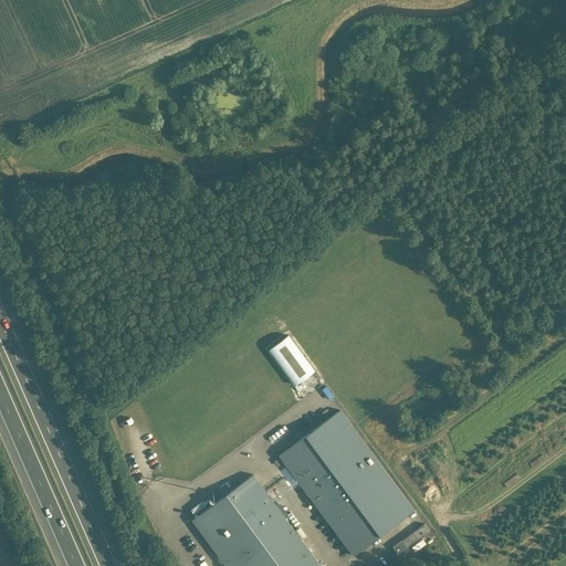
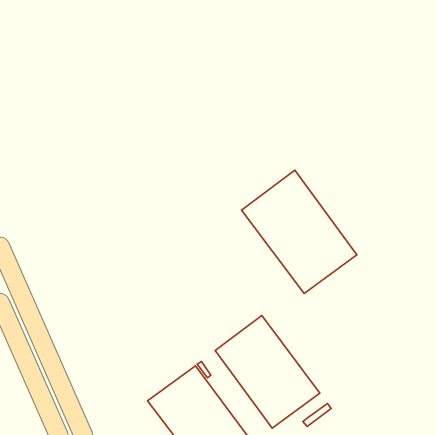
building: none -> [242,170,357,294]
building: [269,335,315,386] -> none

